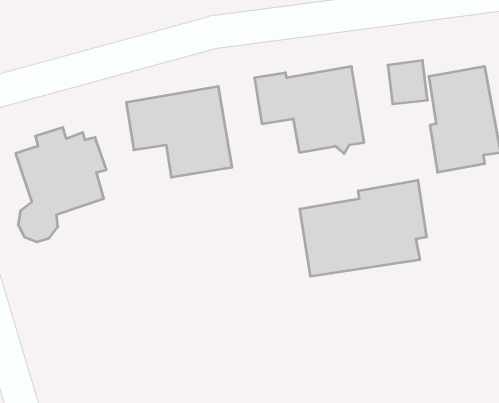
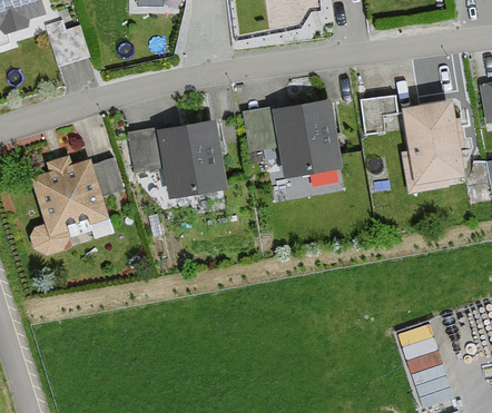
building: [300,180,427,276] -> none

